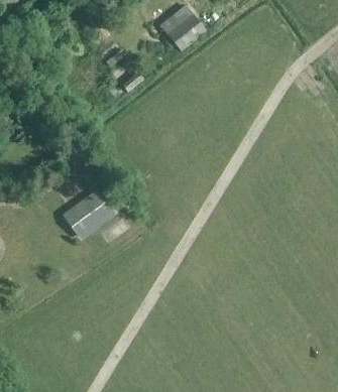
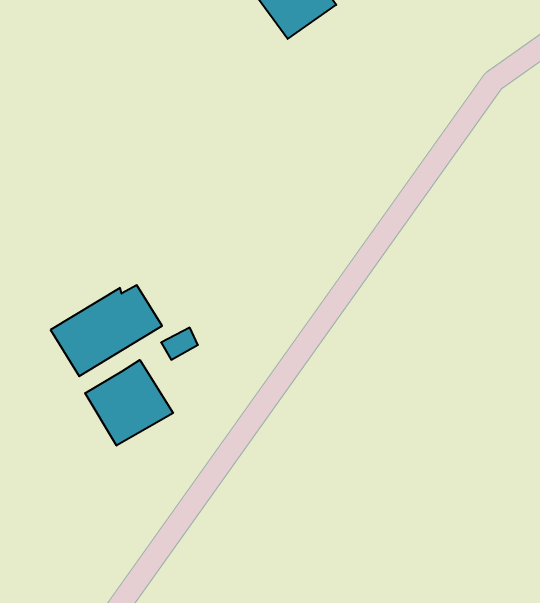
building: none -> [85,360,173,446]

